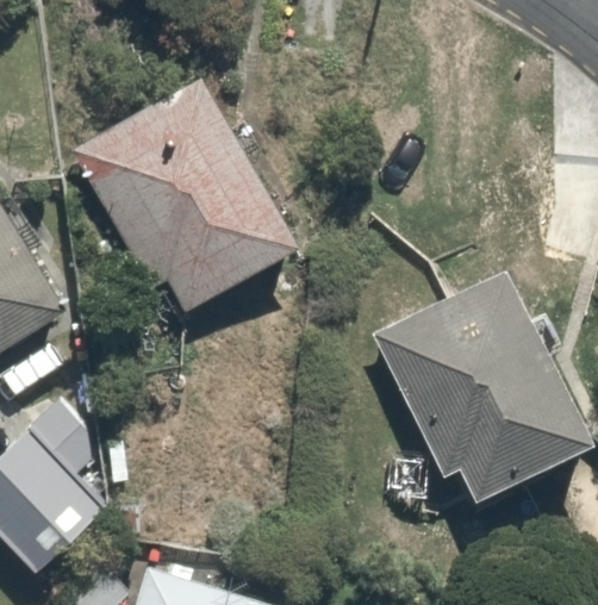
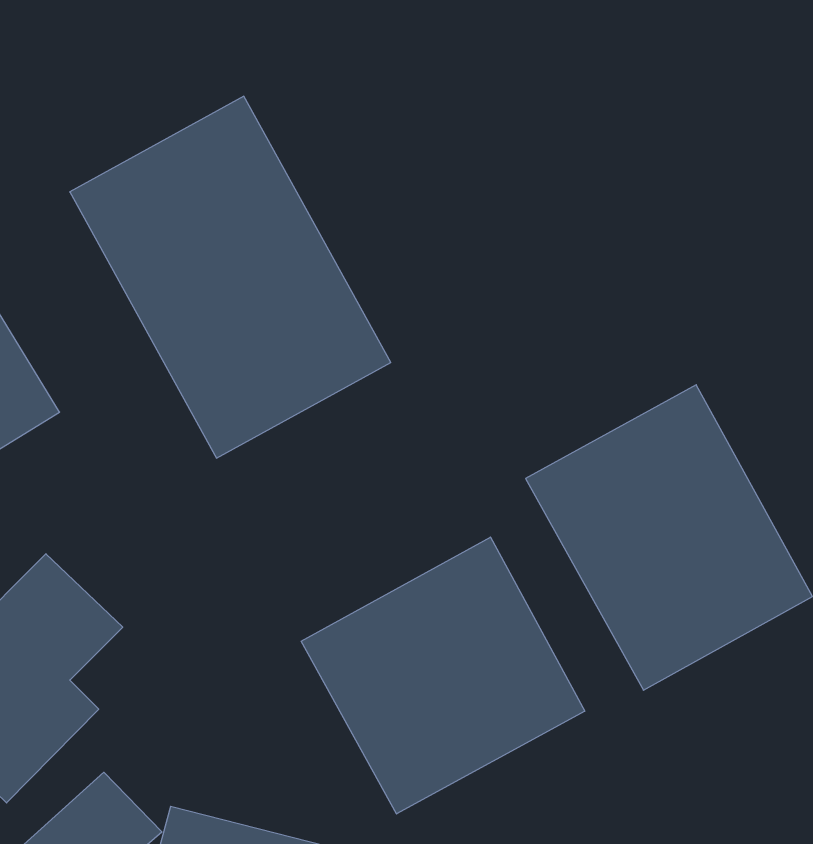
building: none -> [301,537,585,814]

